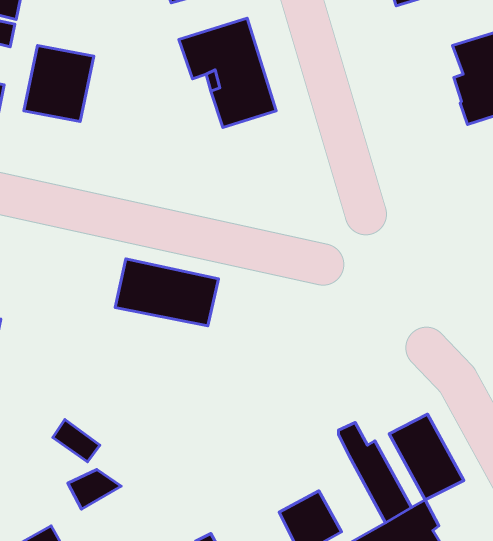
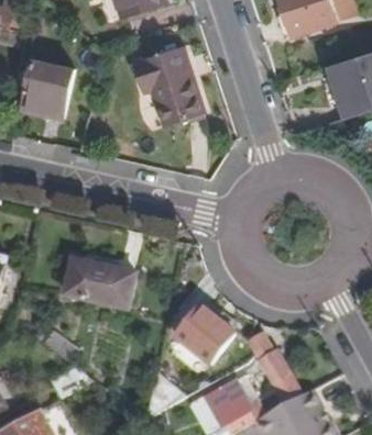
building: [115,259,219,326] -> [56,257,131,305]
building: none -> [172,308,231,366]
building: [389,414,464,500] -> none

